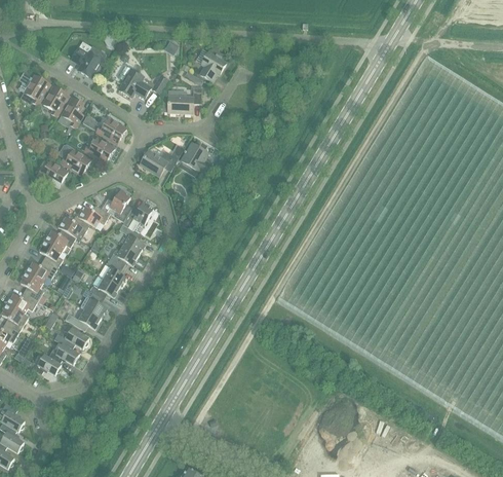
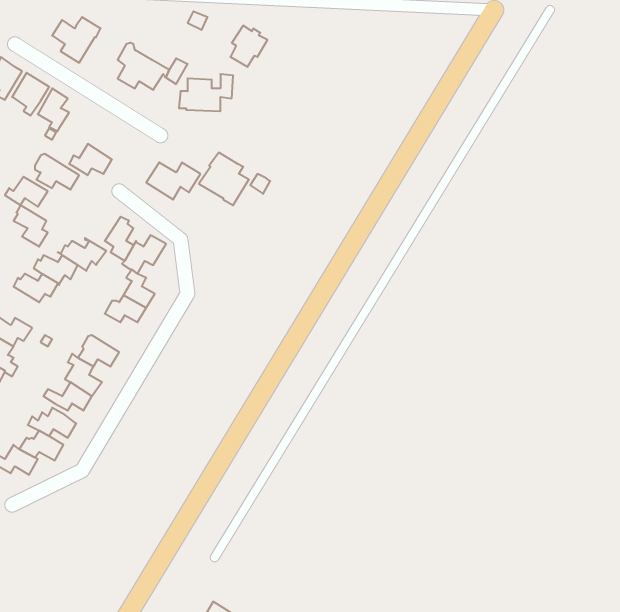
building: [95,116,126,143] -> none
building: [38,238,63,268] -> [14,205,48,247]
building: [98,258,125,286] -> none

